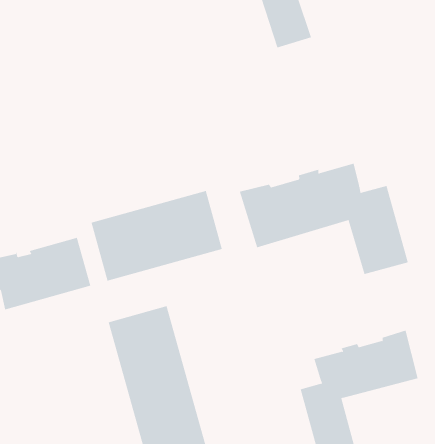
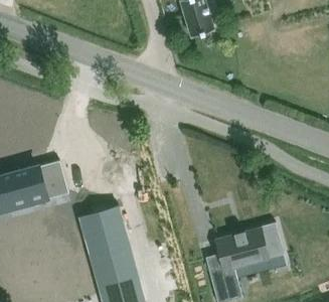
building: [239,163,409,275] -> none
building: [91,190,223,282] -> none

